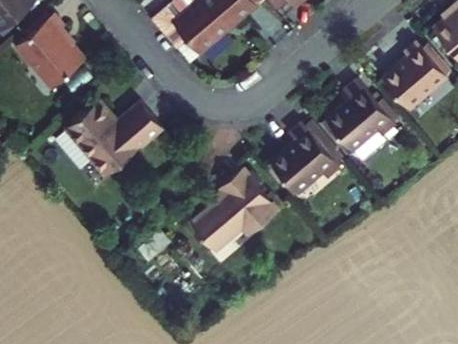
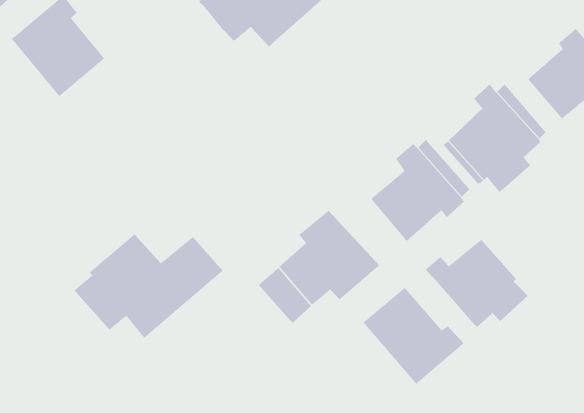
building: [52,101,160,177] -> [73,233,223,339]
building: none -> [425,239,528,327]
building: none -> [362,287,465,385]

